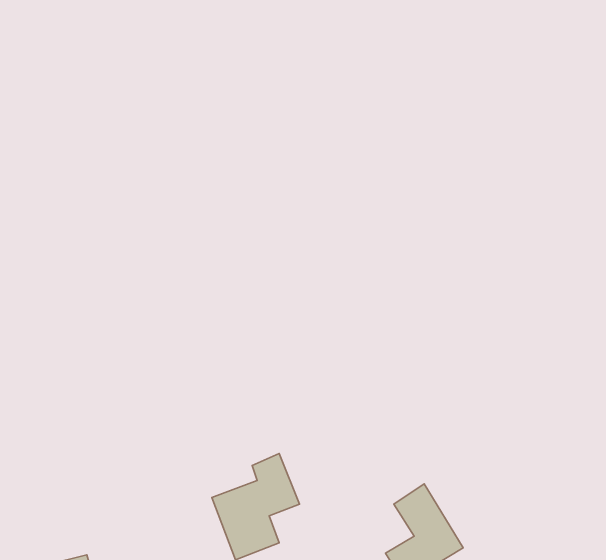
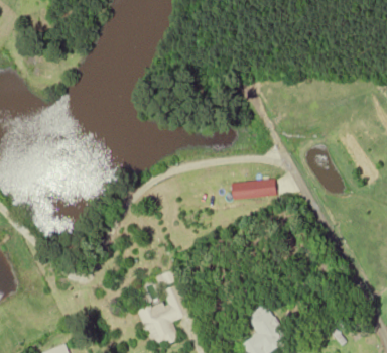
building: none -> [229,179,274,199]

